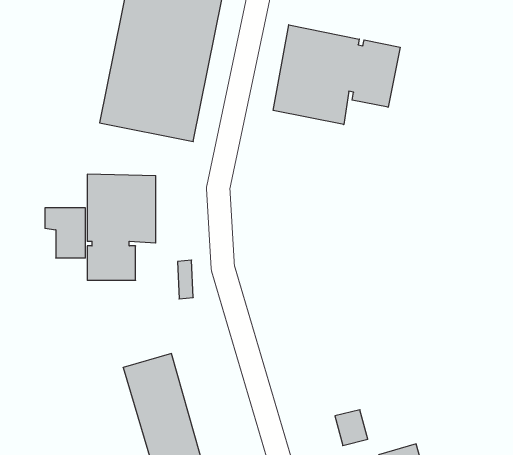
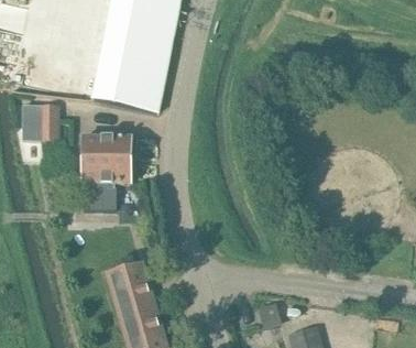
building: [273,25,400,125] -> none
building: [45,208,85,258] -> [31,104,59,139]

